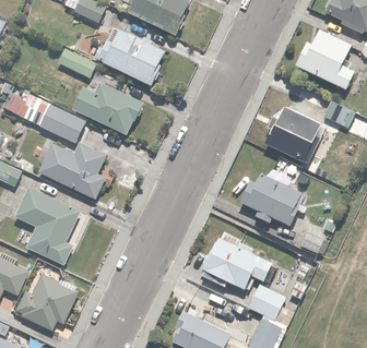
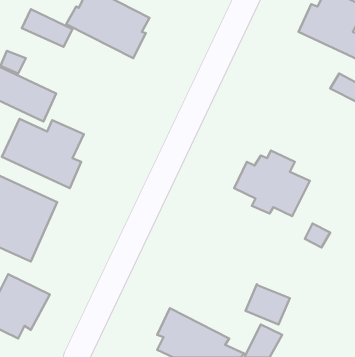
building: [71,81,144,136] -> none
building: [263,108,328,167] -> none
building: [199,230,270,289] -> none

